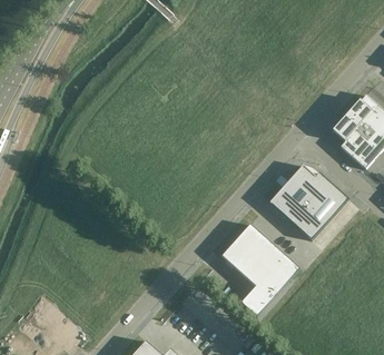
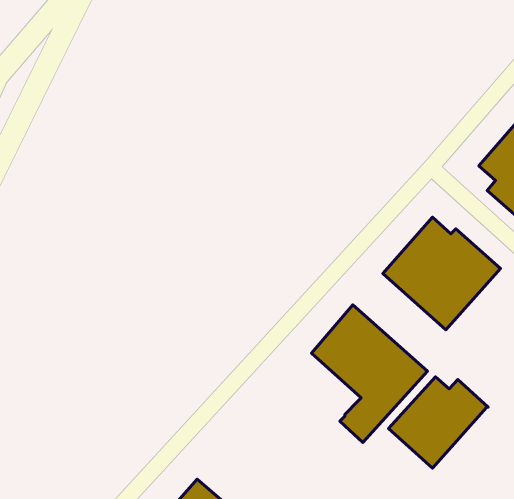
building: none -> [389,377,488,468]

